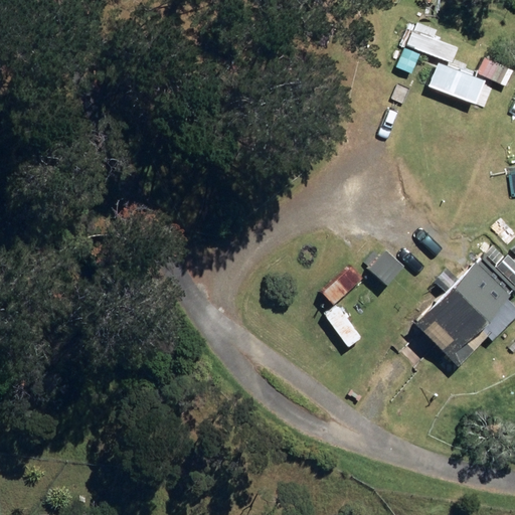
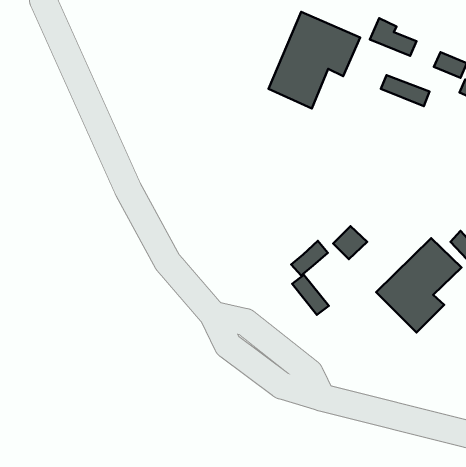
building: none -> [268,12,360,109]

